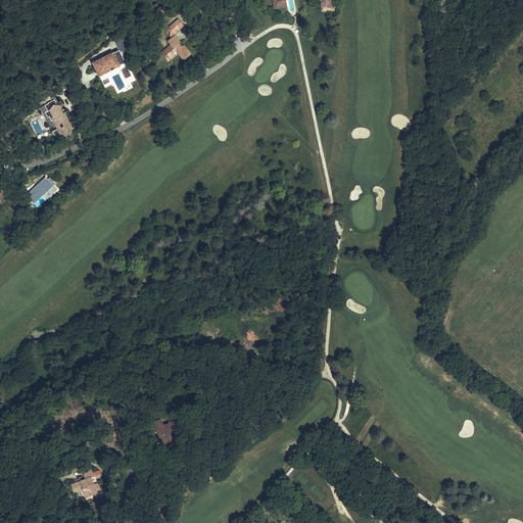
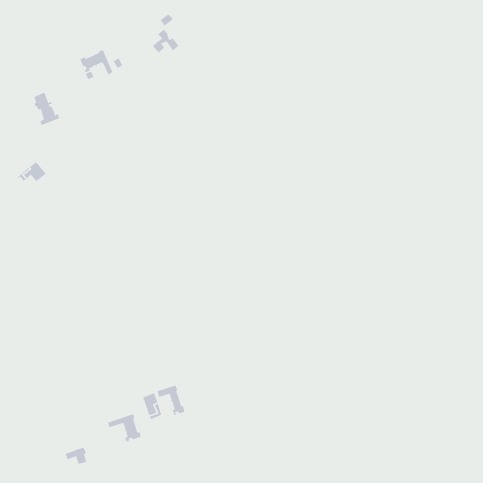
building: none -> [157,385,186,416]
building: none -> [107,413,142,443]

